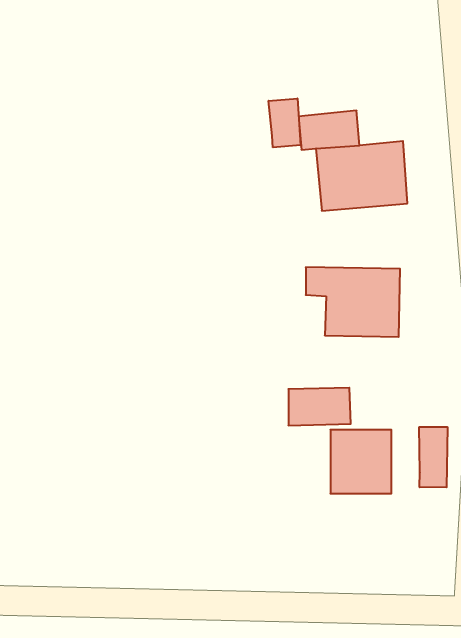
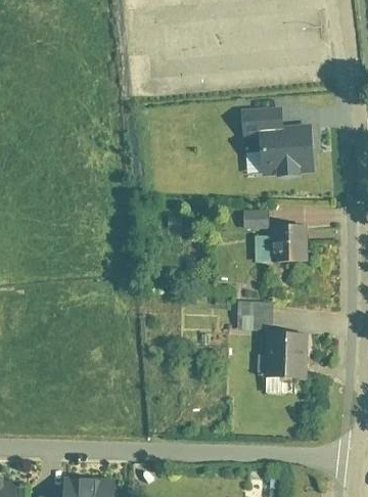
building: [269,98,300,147] -> none
building: [419,427,447,487] -> none

